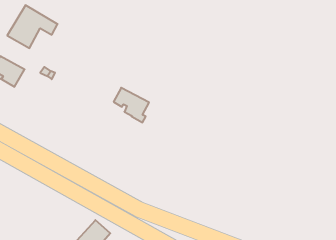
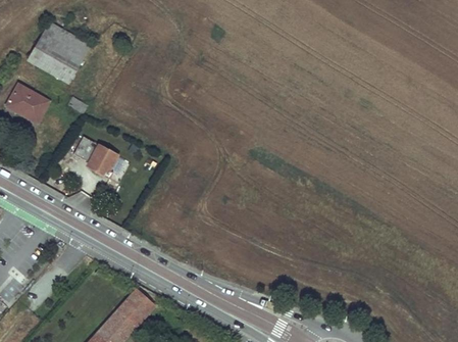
building: none -> [55,50,83,83]
building: [114,88,149,122] -> [74,137,118,180]

